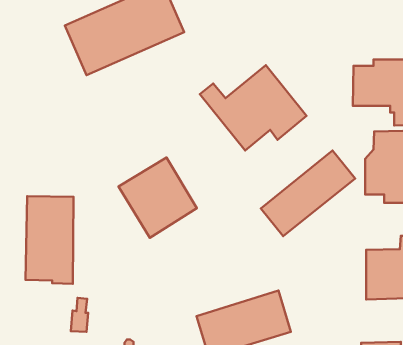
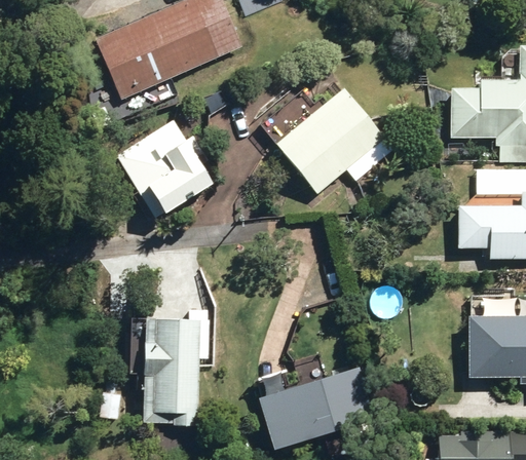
building: [261,151,355,236] -> none
building: [118,158,197,238] -> [115,119,213,219]
building: [26,196,74,284] -> [141,317,200,426]

